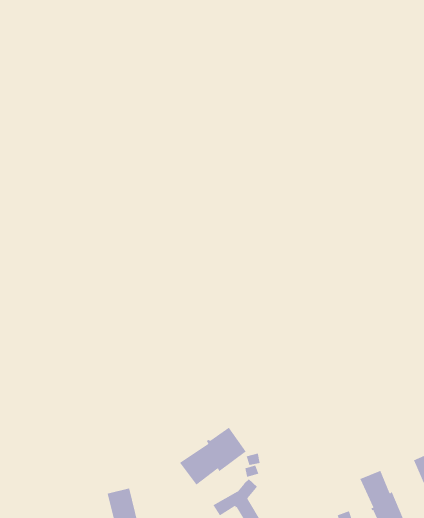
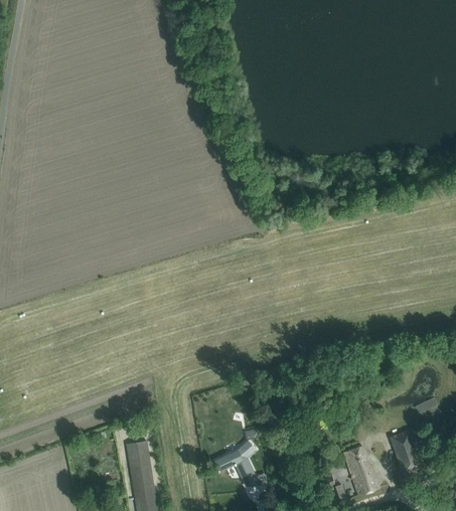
building: [179,427,246,486] -> none

